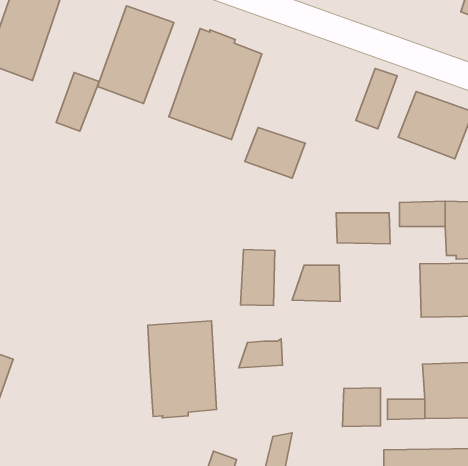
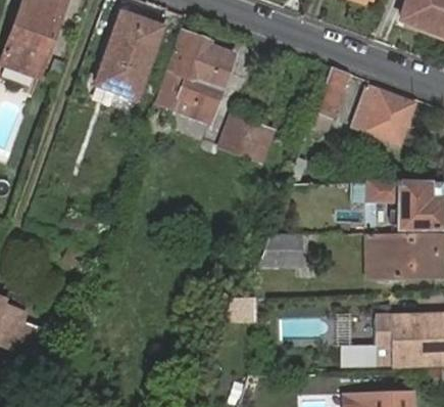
building: [56,72,99,131] -> none
building: [336,213,390,244] -> none
building: [241,250,275,306] -> none
building: [148,321,217,418] -> none
building: [343,388,381,426] -> none

